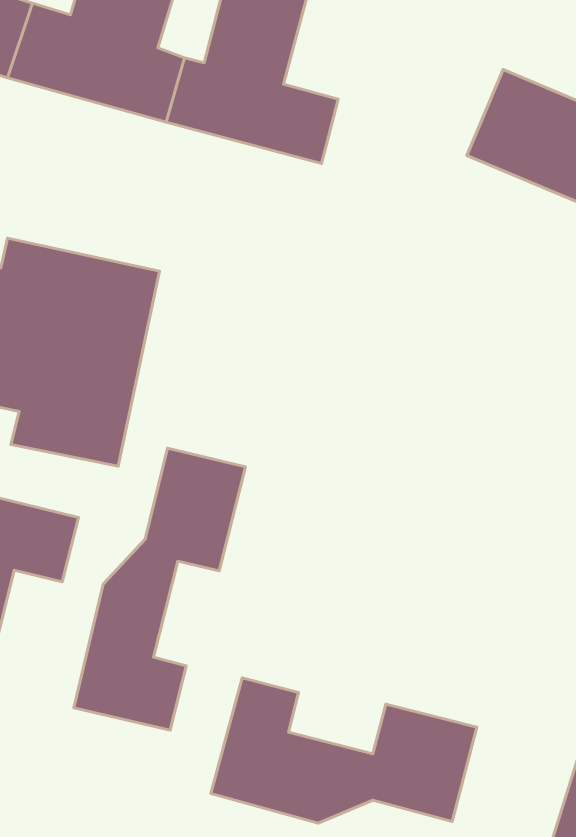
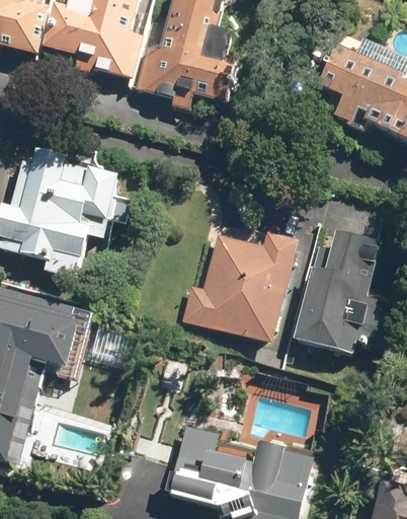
building: none -> [279,224,380,380]
building: none -> [187,227,306,341]
building: [74,448,246,730] -> none

